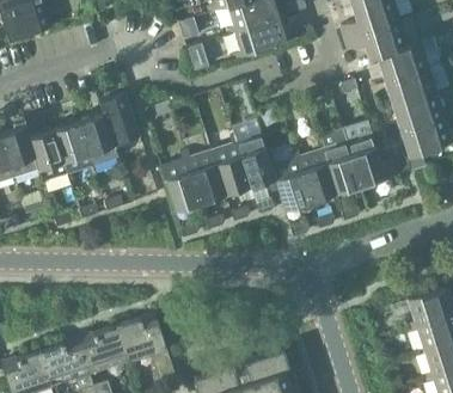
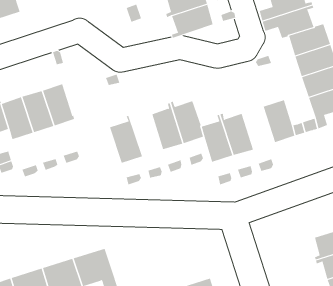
building: [98,93,139,152] -> none
building: [320,135,360,194] -> none
building: [183,151,224,202] -> none

